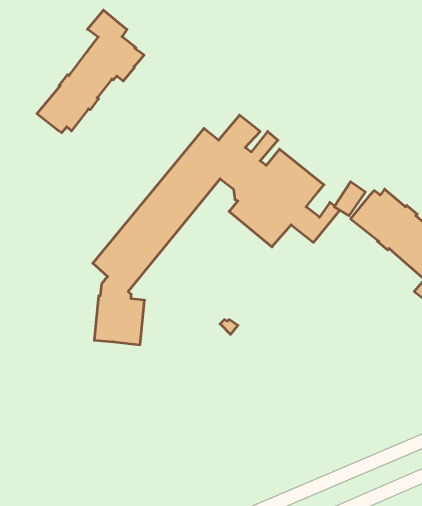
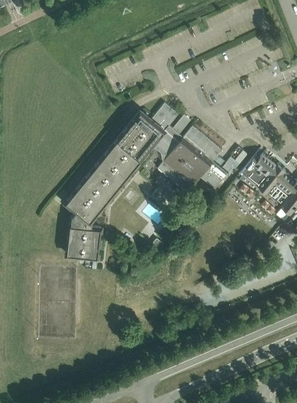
building: [37,10,144,133] -> none

